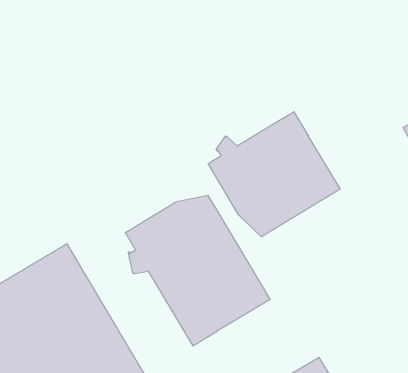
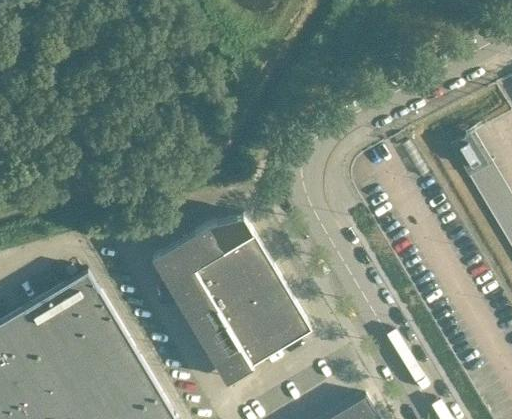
building: [208,112,340,237] -> none

